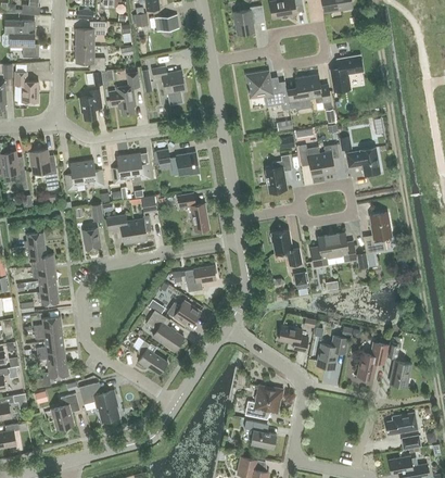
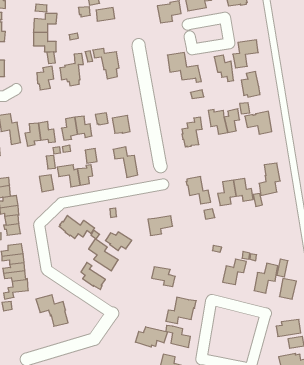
building: [288,77,312,110] -> [241,72,260,97]
building: [185,266,216,291] -> [148,216,173,235]
building: none -> [59,215,95,239]
building: [278,326,308,351] -> [152,267,175,287]
building: [50,393,80,429] -> none
building: none -> [135,327,167,347]

